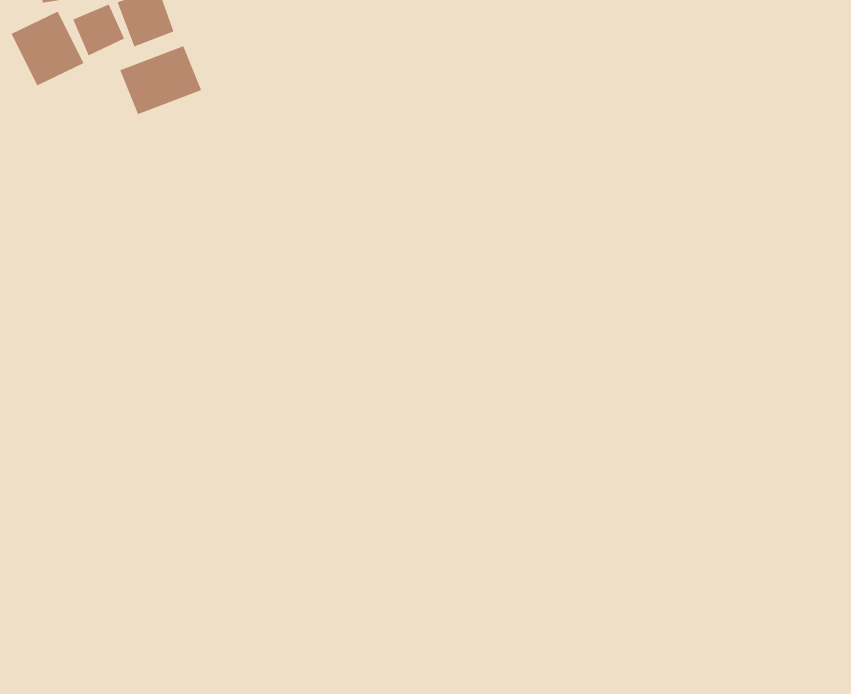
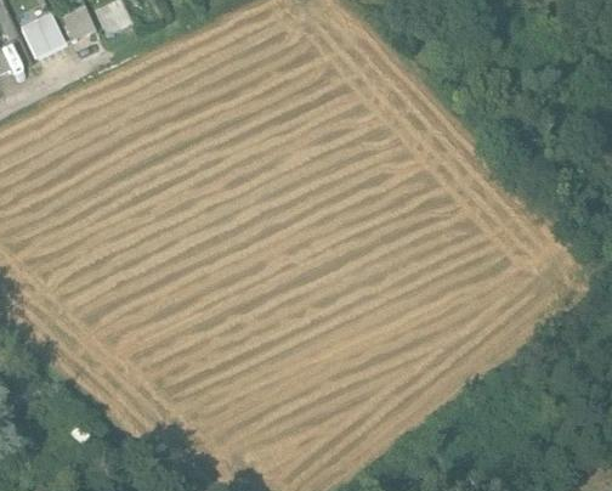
building: [119,45,202,115] -> none

